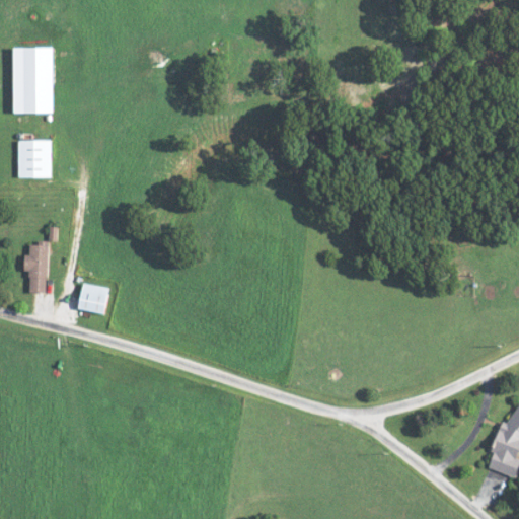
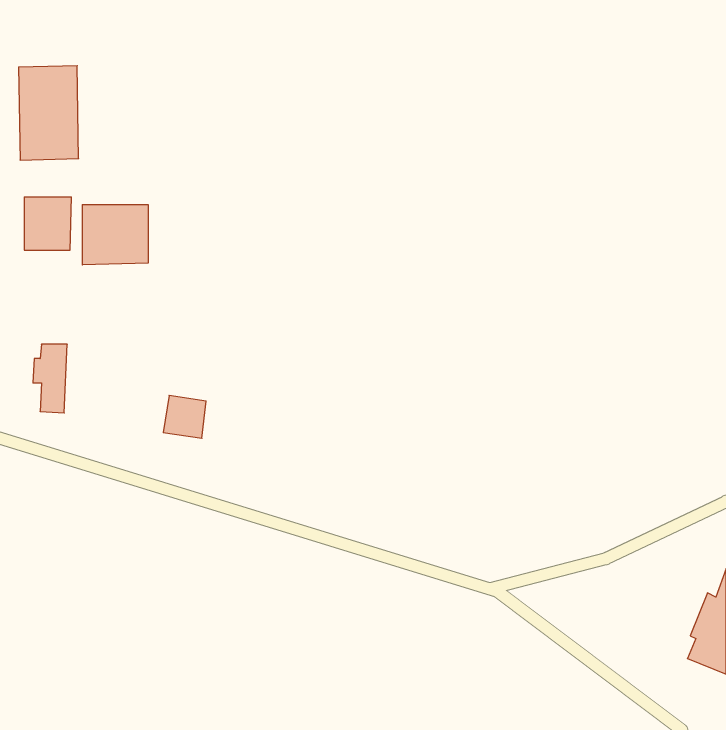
building: none -> [82,205,148,265]
building: [79,283,109,313] -> [163,395,206,438]

